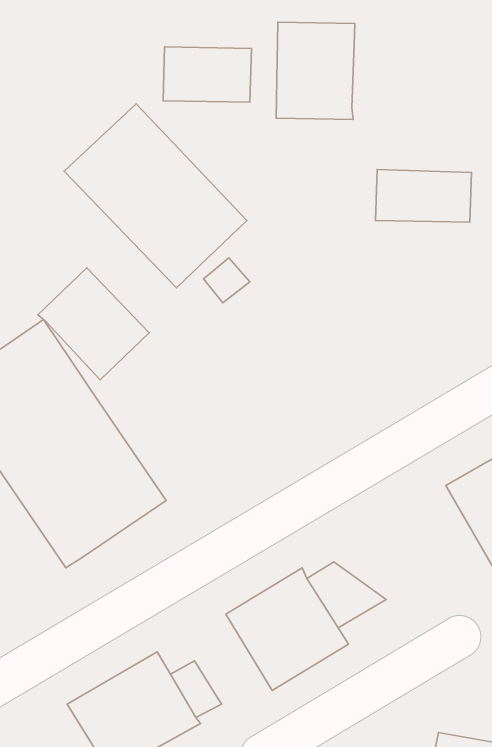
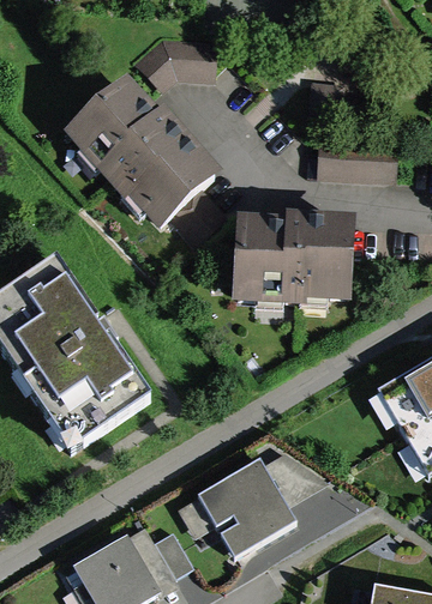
building: [276,22,355,120] -> none
building: none -> [233,215,355,303]
building: [38,268,149,380] -> none

